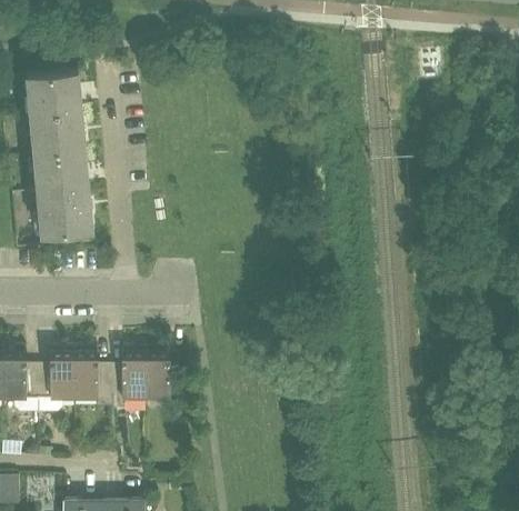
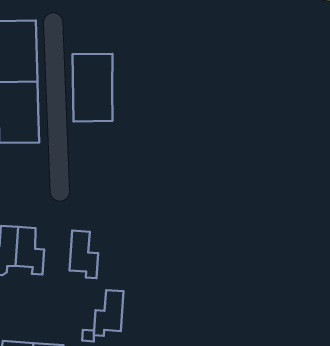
building: none -> [73,54,113,121]
building: [109,348,144,409] -> [94,290,124,336]

